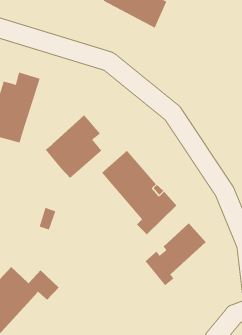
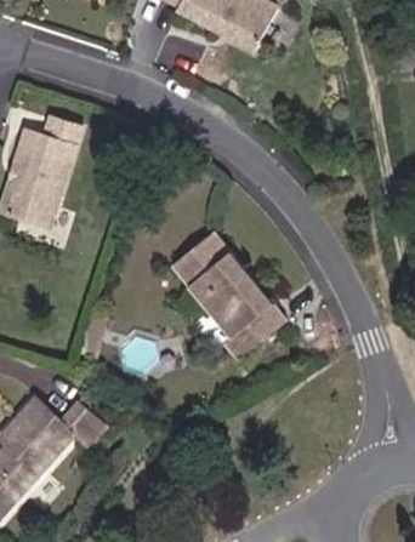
building: [45,115,102,179] -> none
building: [145,222,206,286] -> none

